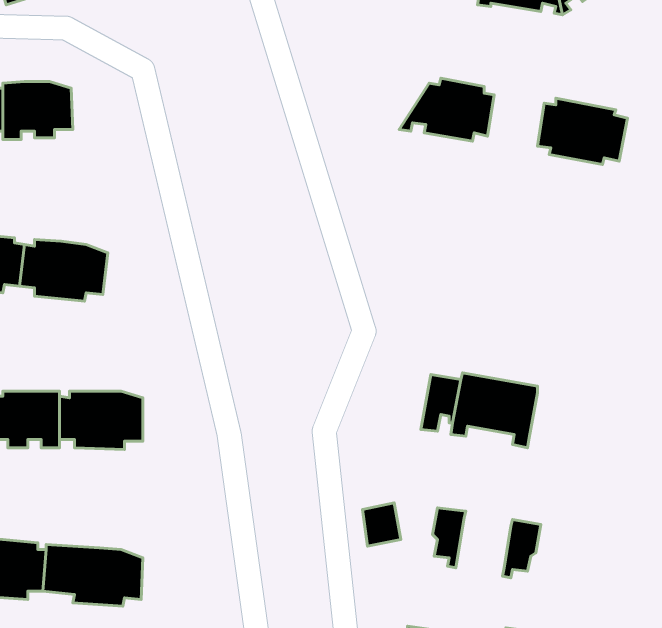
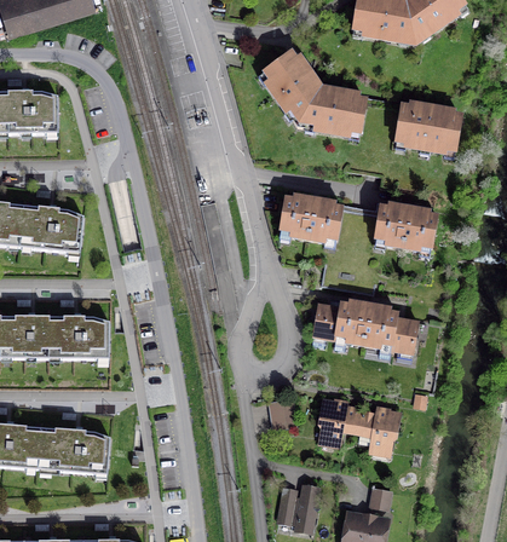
building: none -> [265,52,317,126]
building: none -> [280,195,342,241]
building: none -> [374,203,437,249]
building: none -> [390,317,417,361]
building: none -> [339,408,376,444]

